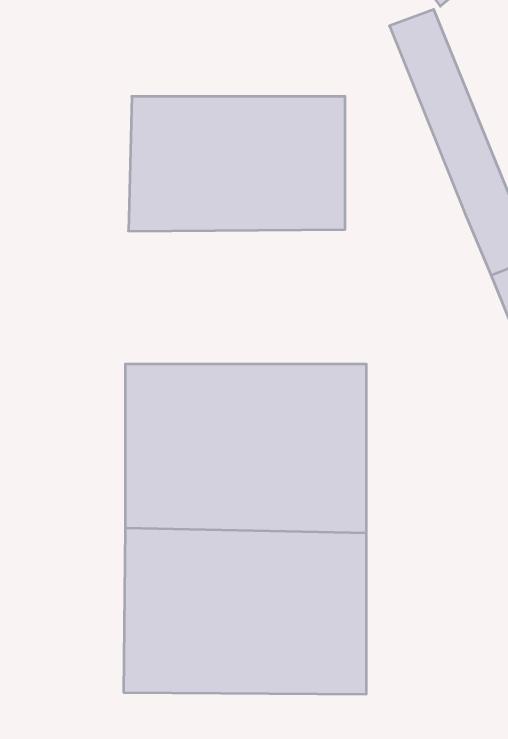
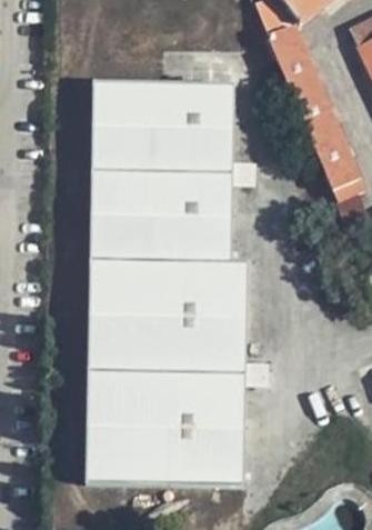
building: none -> [87,170,235,261]

